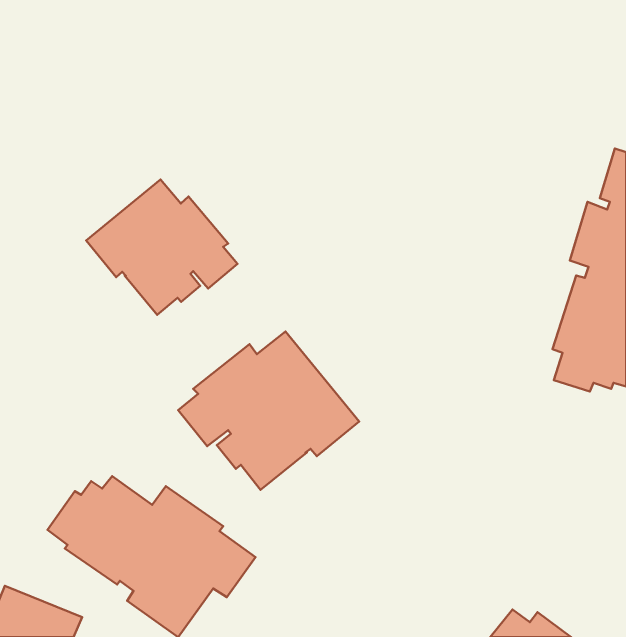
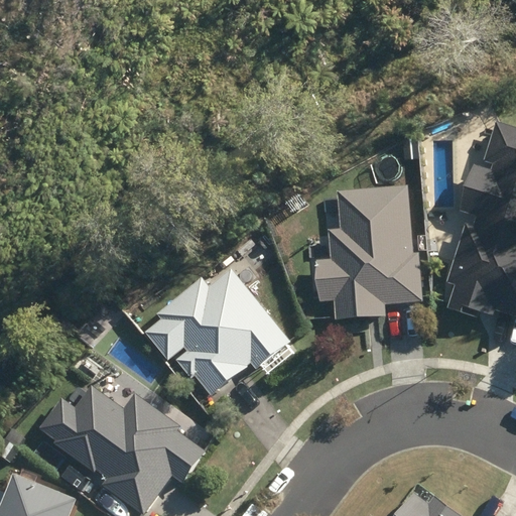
building: [86,180,237,315] -> none
building: none -> [315,185,422,319]

